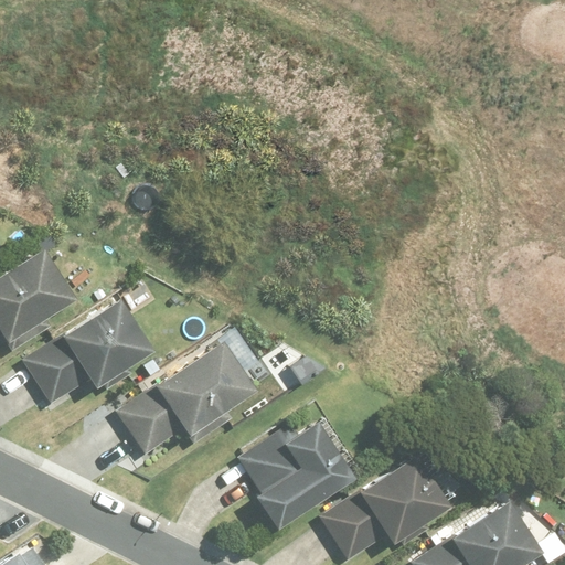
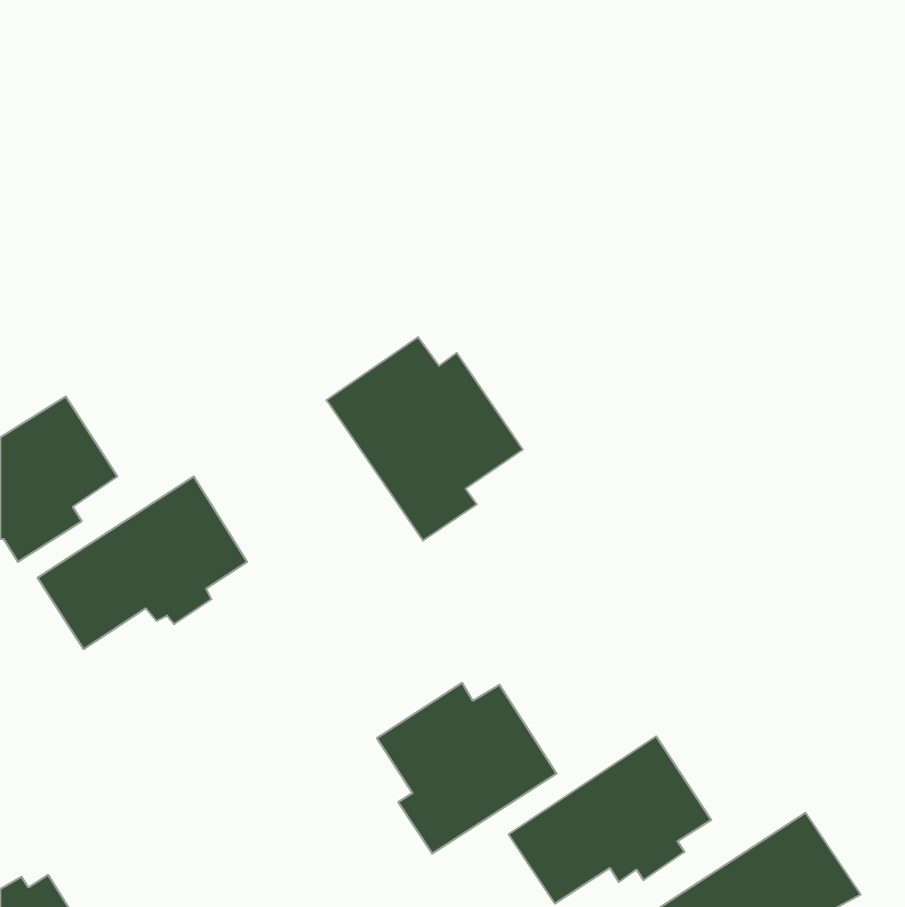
building: none -> [326,337,523,541]
building: [118,339,259,455] -> none

